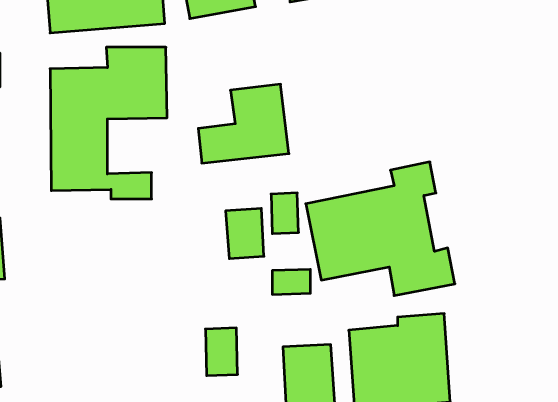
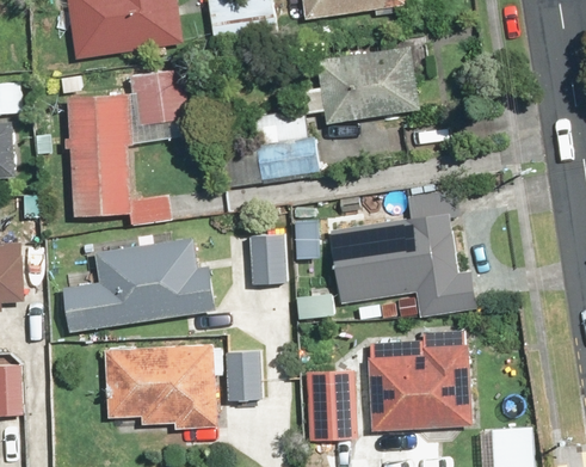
building: none -> [302,43,420,128]
building: none -> [63,241,216,328]
building: none -> [100,338,216,418]

